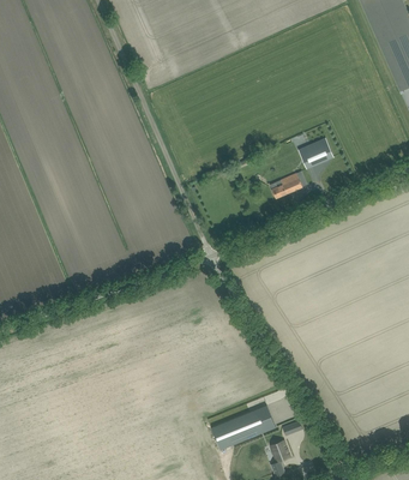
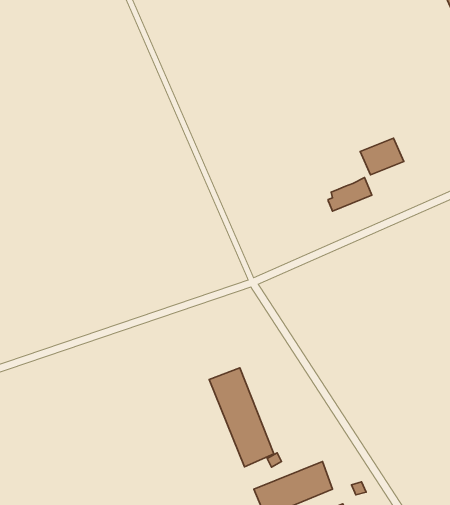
building: none -> [209,368,274,467]

